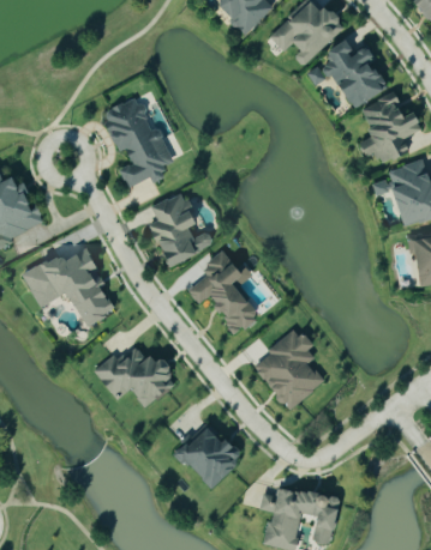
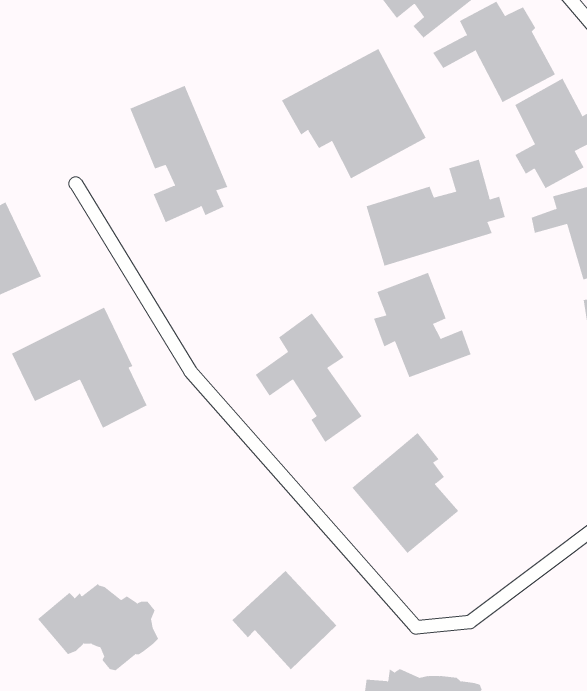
building: none -> [281,48,427,179]
building: none -> [366,159,505,266]
building: [148,193,214,264] -> [373,272,472,378]
building: [92,347,174,406] -> [37,583,159,671]

